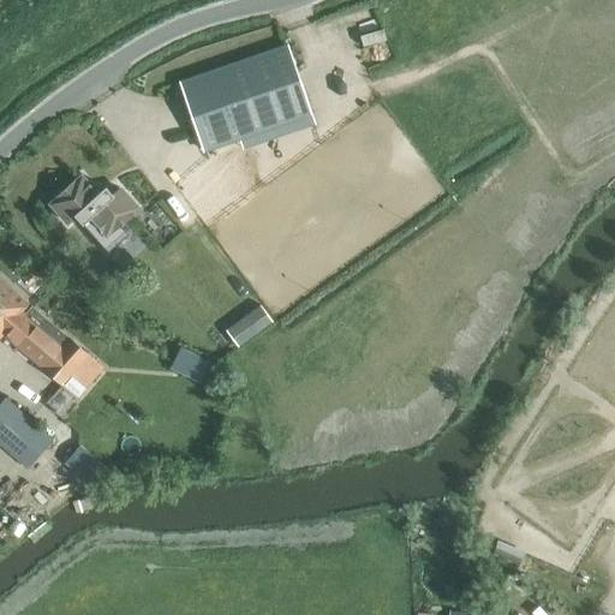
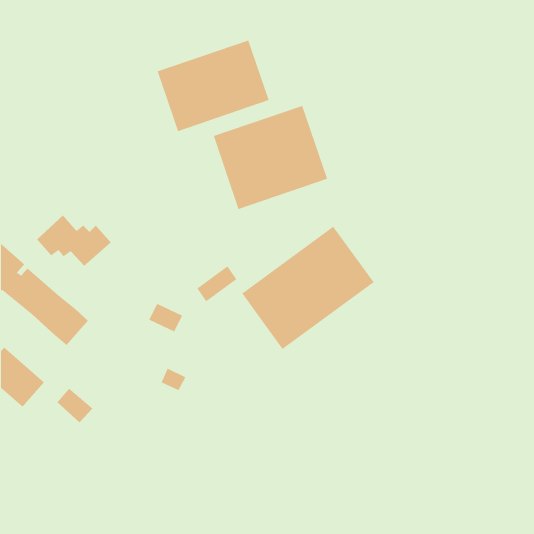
building: none -> [213,105,328,210]
building: [50,175,137,235] -> [36,214,111,267]
building: none -> [241,226,374,350]

